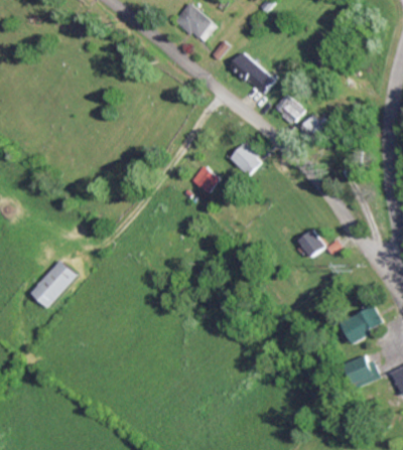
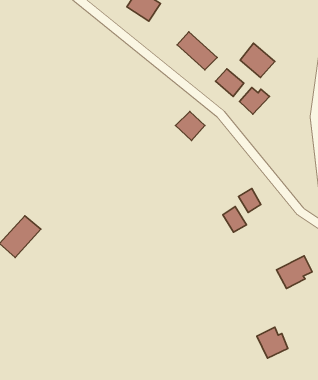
building: none -> [240,43,275,78]
building: [188,166,217,193] -> none
building: none -> [223,207,246,232]
building: [347,354,382,390] -> [257,327,288,358]

